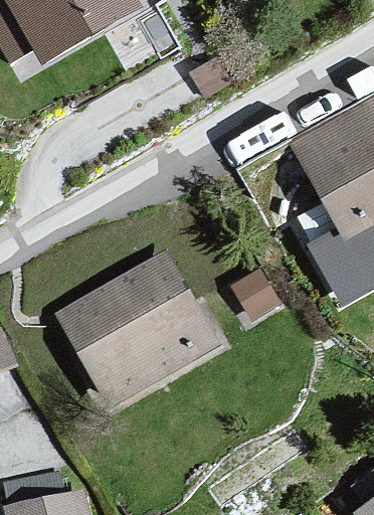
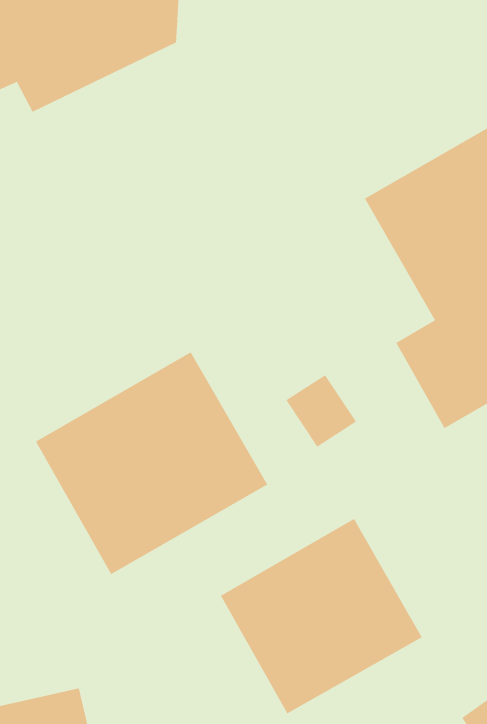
building: none -> [220,518,423,714]

